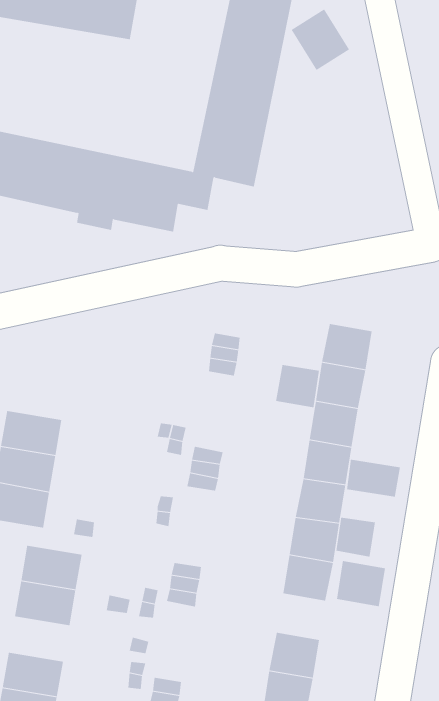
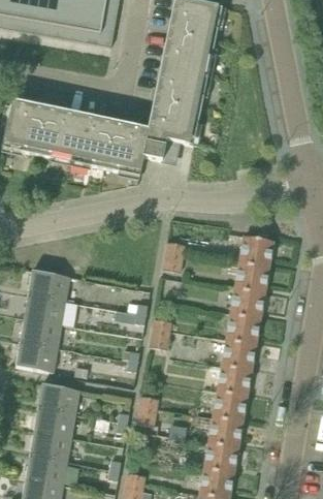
building: [291,8,350,71] -> none
building: [275,364,320,408] -> none
building: none -> [30,268,71,298]
building: [347,459,401,497] -> none
building: [336,517,375,557] -> none
building: [336,560,386,607] -> [209,413,243,444]
building: none -> [31,429,72,459]

